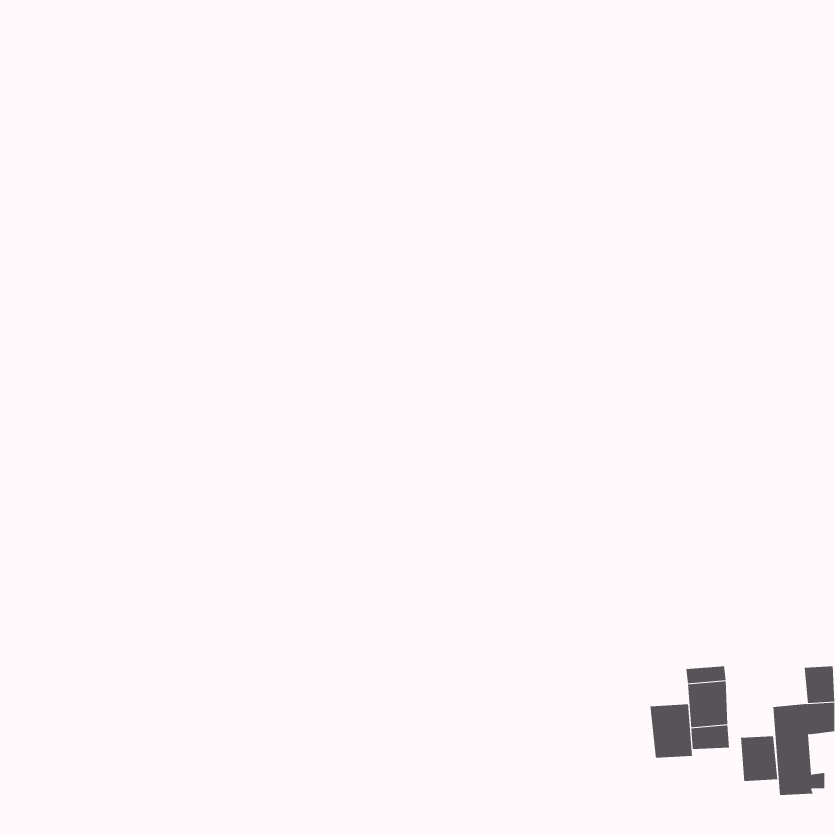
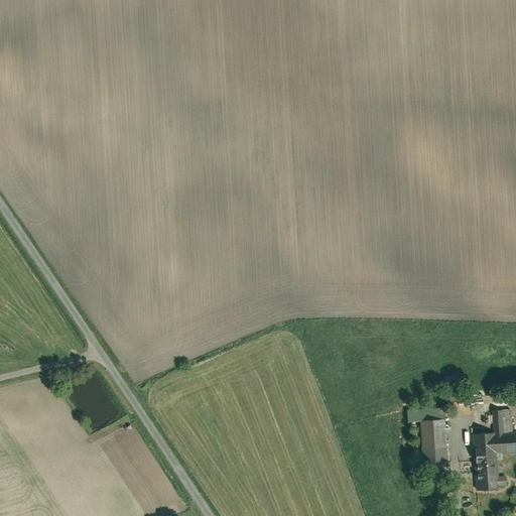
building: [650,704,692,759] -> none
building: [741,735,778,782] -> none

